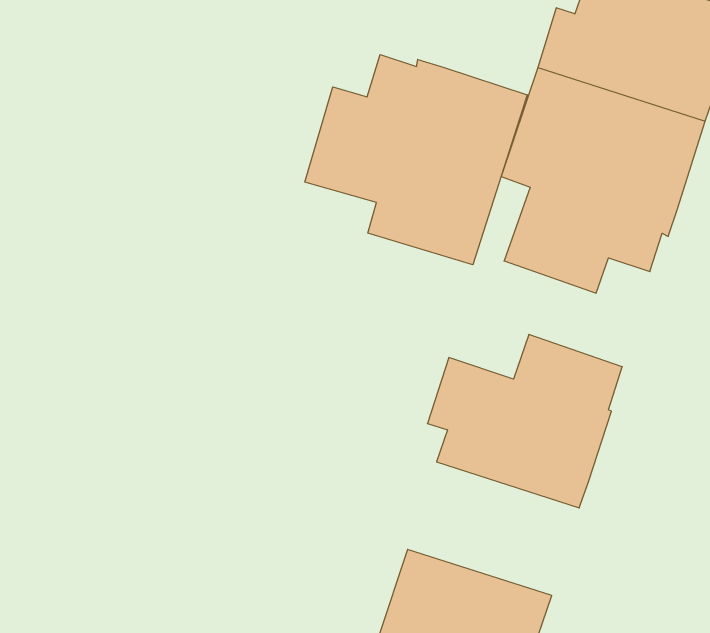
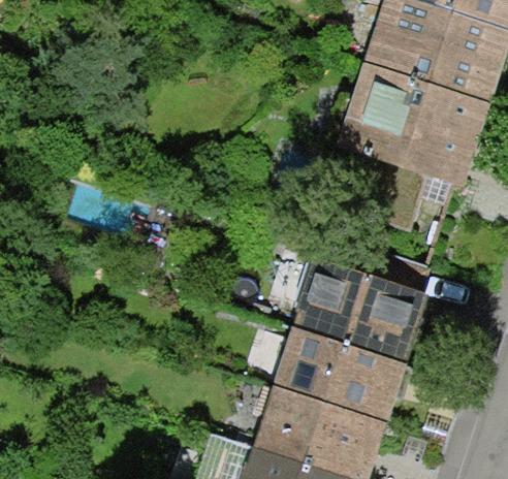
building: [305,55,527,265] -> none
building: none -> [281,330,414,422]

